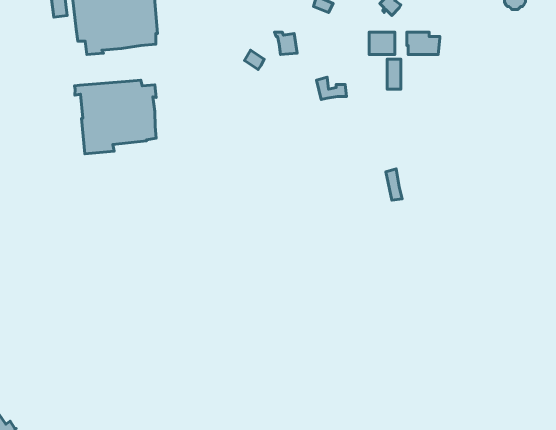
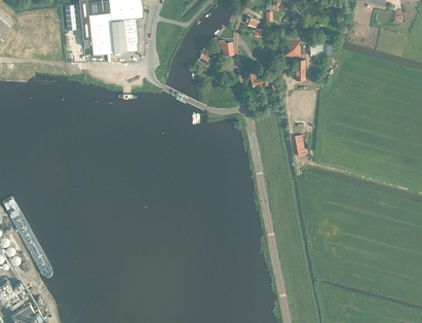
building: [74,80,156,154] -> none

